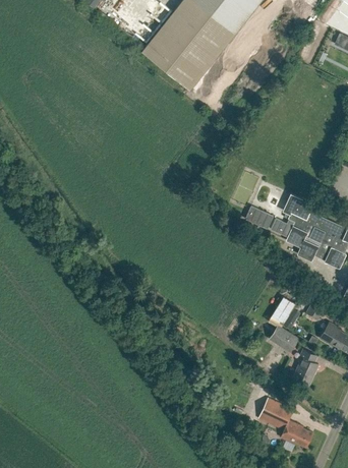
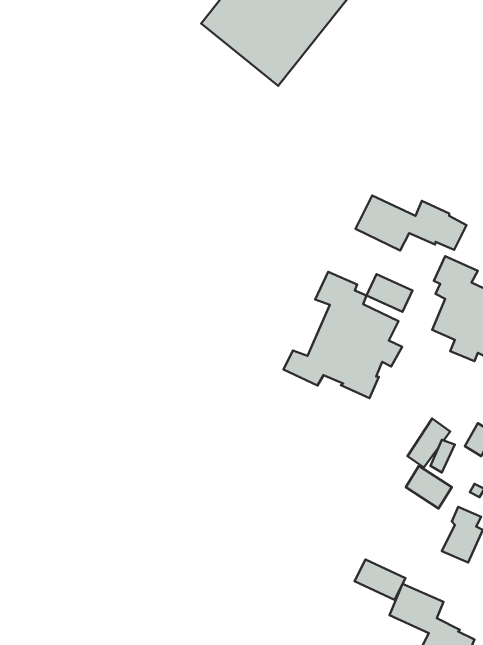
building: none -> [355,196,466,251]
building: none -> [283,272,402,398]
building: none -> [354,559,406,600]

